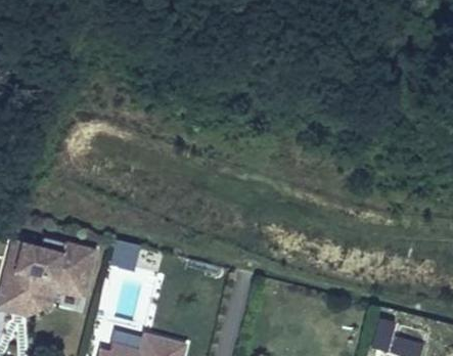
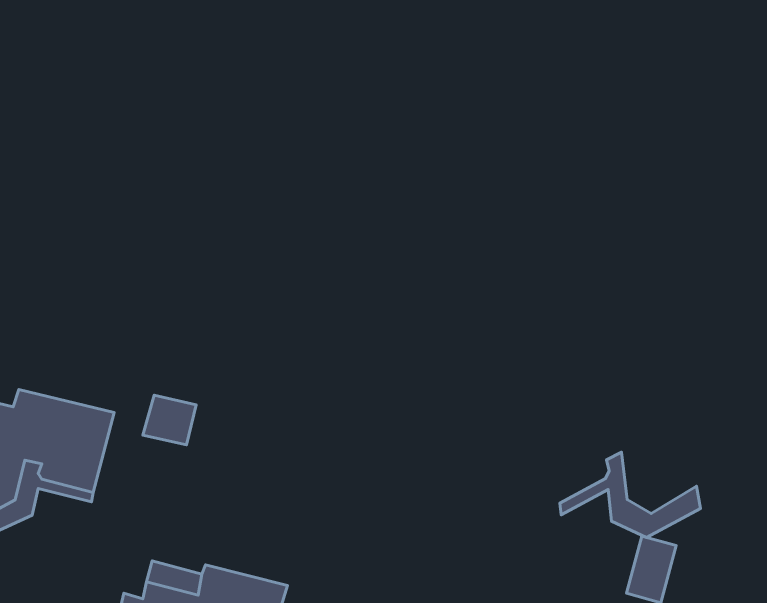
building: none -> [560,452,700,537]

